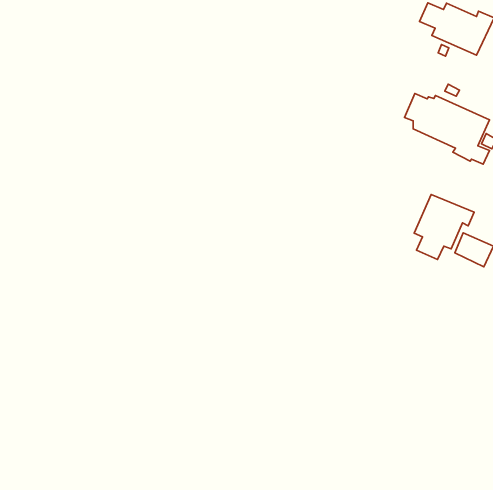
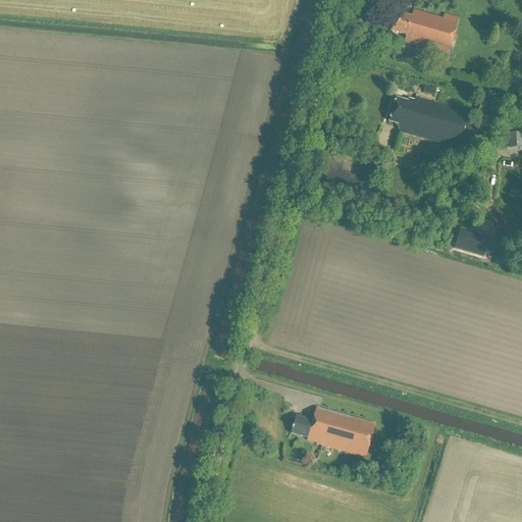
building: [414,194,474,260] -> none
building: none -> [291,406,375,457]

